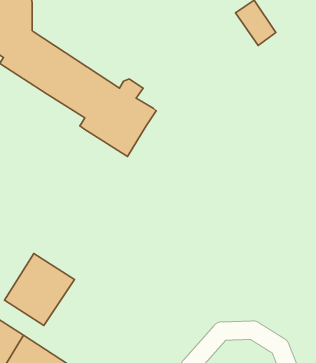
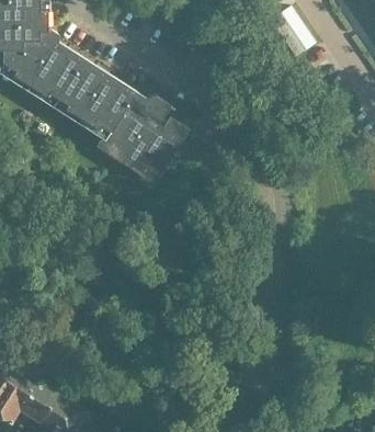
building: [5,254,75,326] -> none

